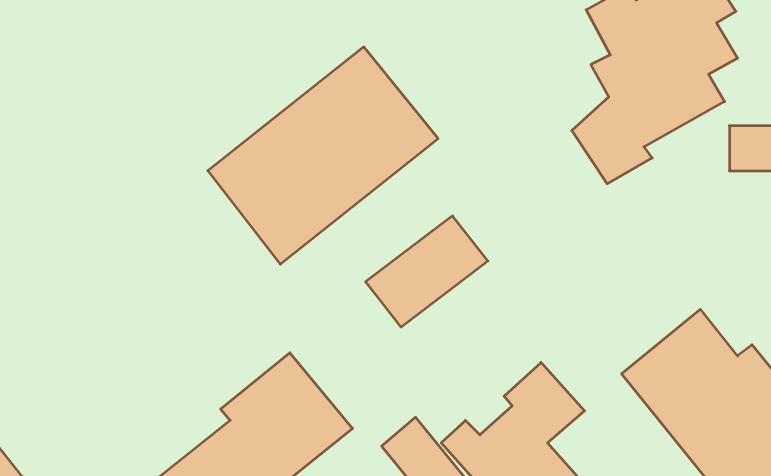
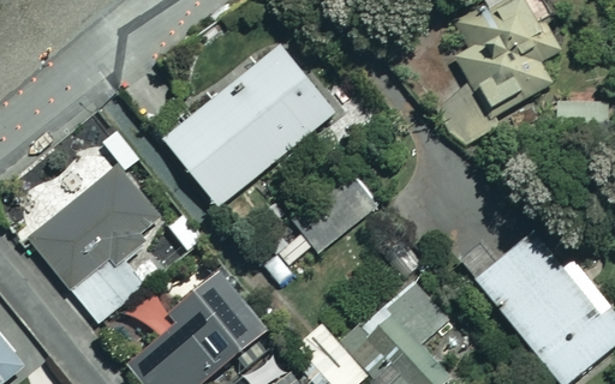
building: none -> [26,162,160,320]

